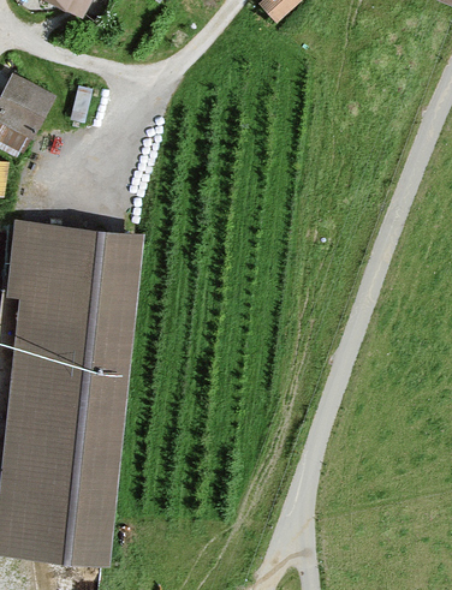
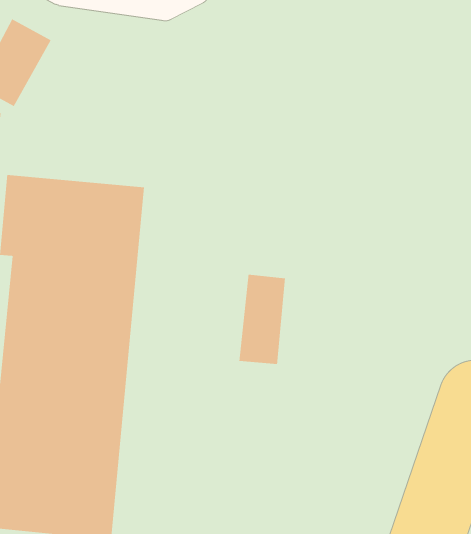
building: none -> [239,274,285,365]

